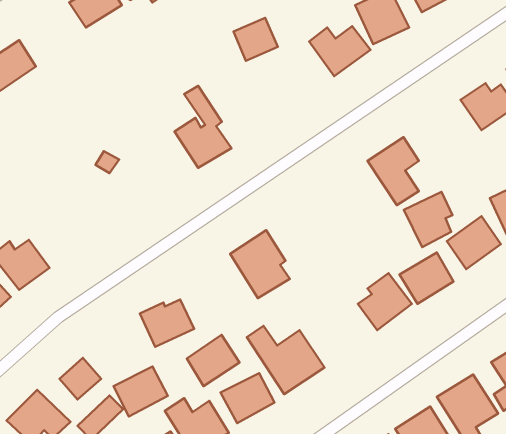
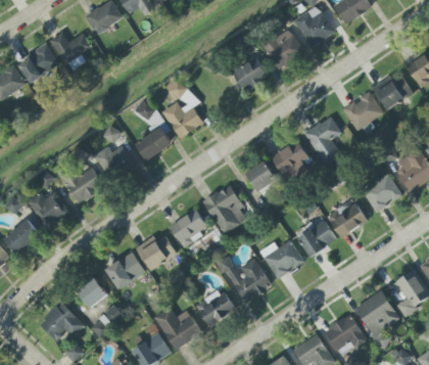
building: [233,18,278,61] -> [234,58,267,90]
building: none -> [49,32,92,64]
building: none -> [342,92,383,131]
building: none -> [135,99,173,161]
building: none -> [93,146,134,180]
building: [404,192,453,247] -> [272,141,307,182]
building: none -> [245,161,276,192]
building: none -> [63,165,104,204]
building: none -> [260,240,302,278]
building: [187,335,239,386] -> [170,209,208,246]
building: [114,367,168,417] -> [105,253,145,289]

